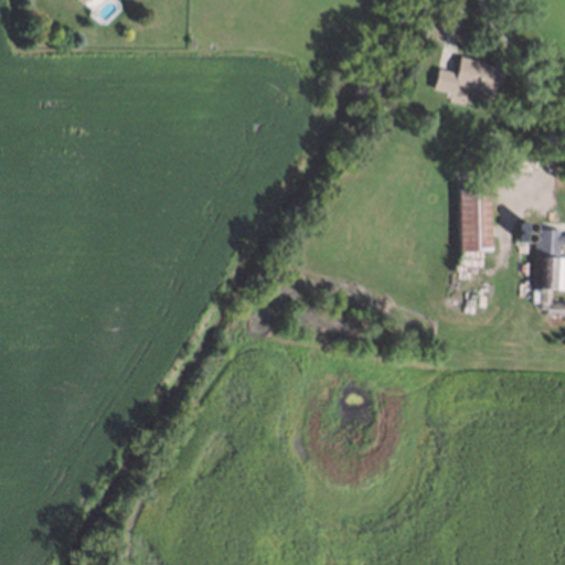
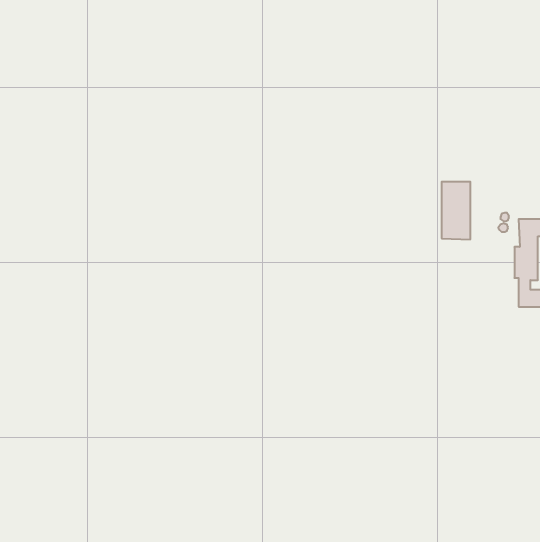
building: [436,55,505,95] -> none

